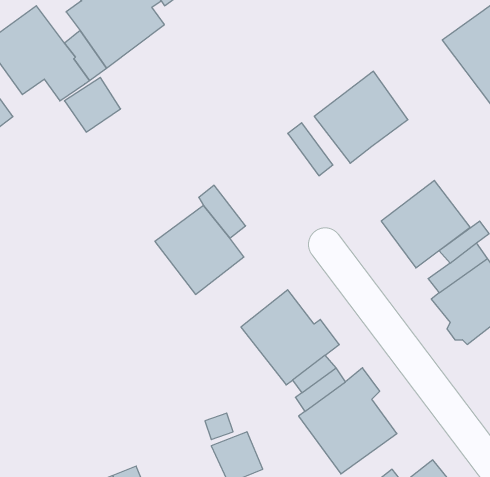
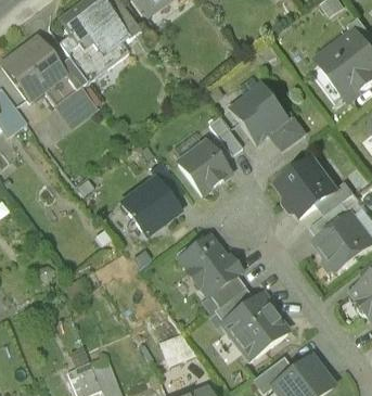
building: none -> [270,115,308,151]
building: none -> [175,139,230,194]

